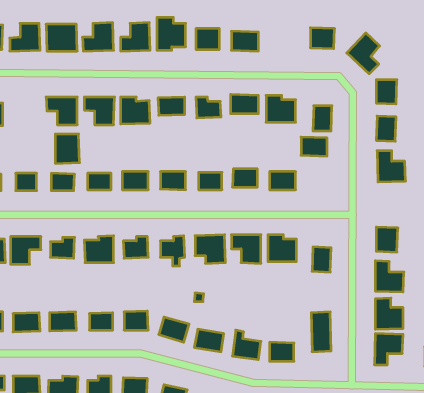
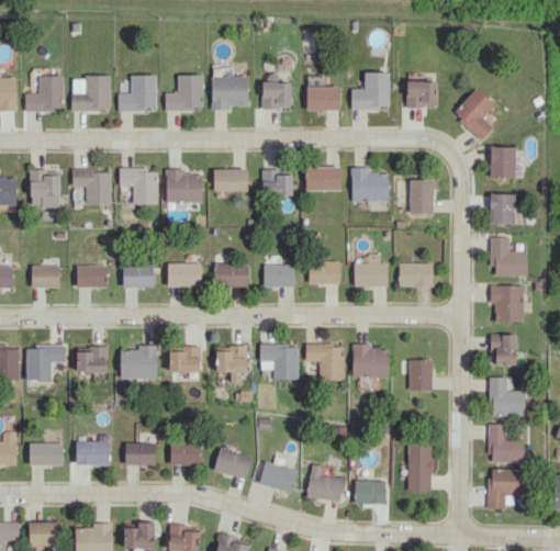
building: none -> [351,72,390,109]
building: [55,134,80,163] -> [30,170,60,207]
building: [301,137,327,156] -> [399,262,432,286]
building: none -> [490,284,523,322]

